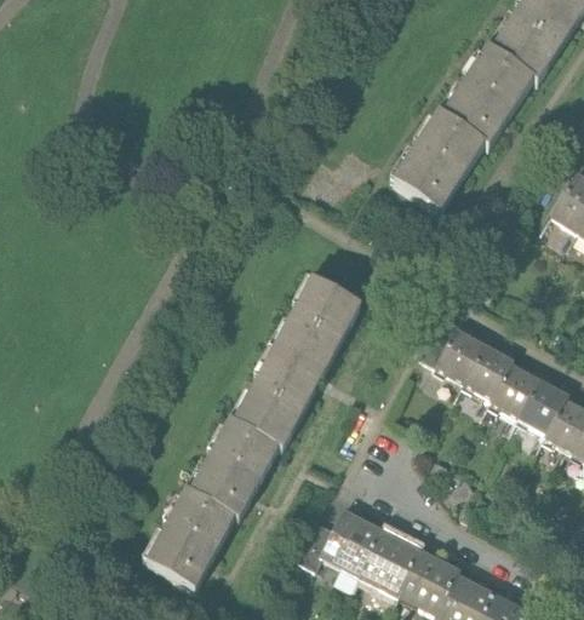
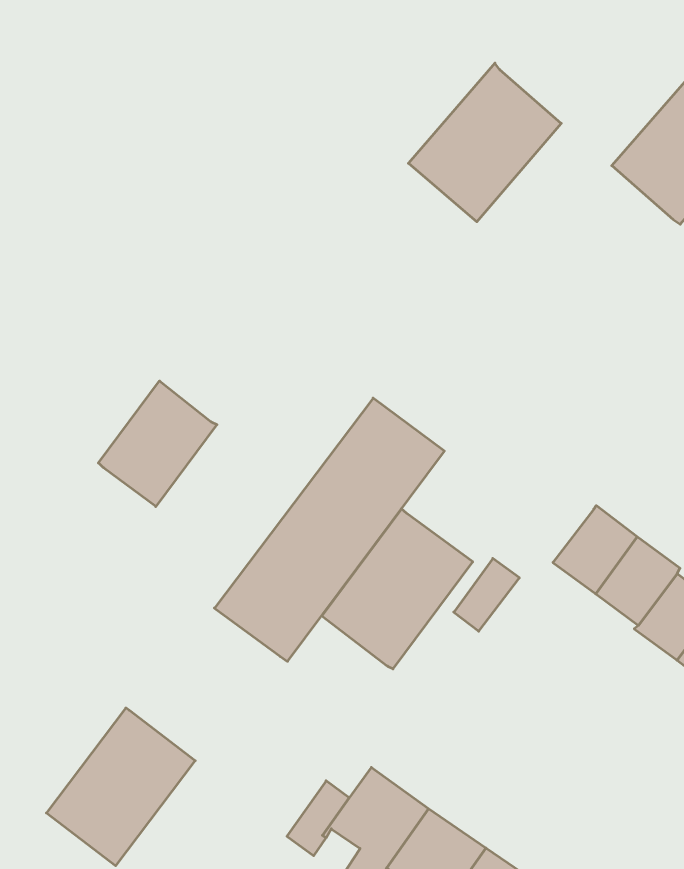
building: [389,115,480,214] -> [408,63,561,222]
building: none -> [98,381,217,507]
building: [418,322,456,368] -> [454,558,519,631]
building: [187,423,275,522] -> [322,509,473,669]

